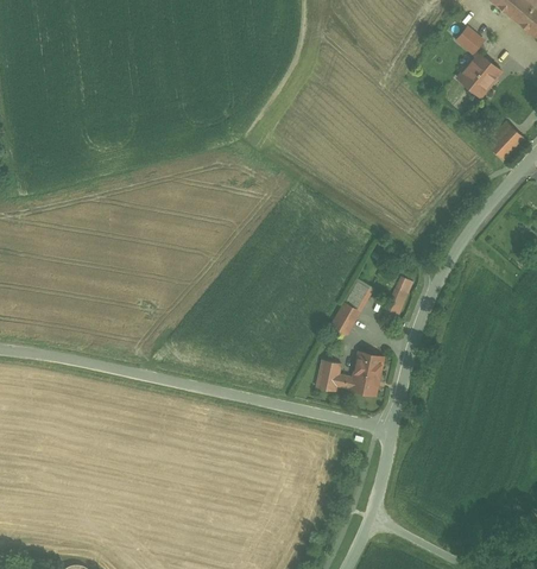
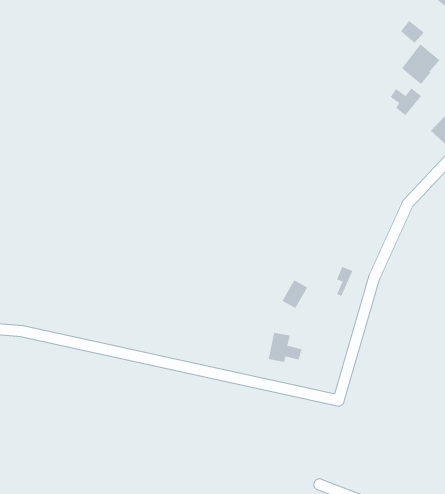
building: none -> [390,87,422,116]
building: [350,352,384,394] -> none

